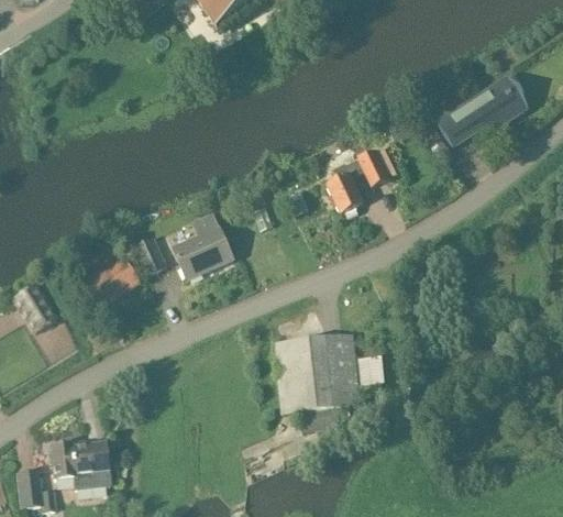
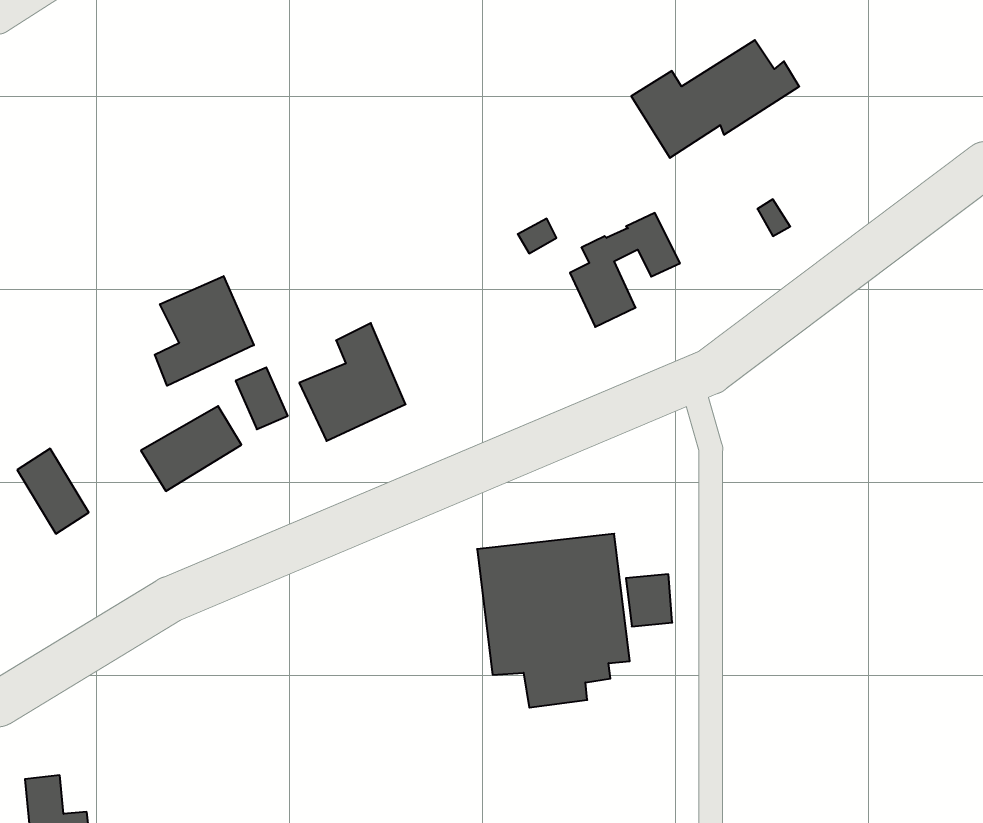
building: [431,79,527,146] -> [631,40,799,158]
building: none -> [155,276,254,386]
building: [48,441,108,488] -> none

